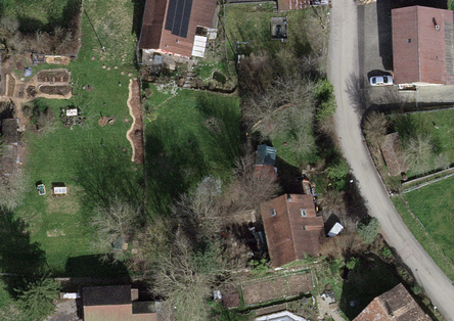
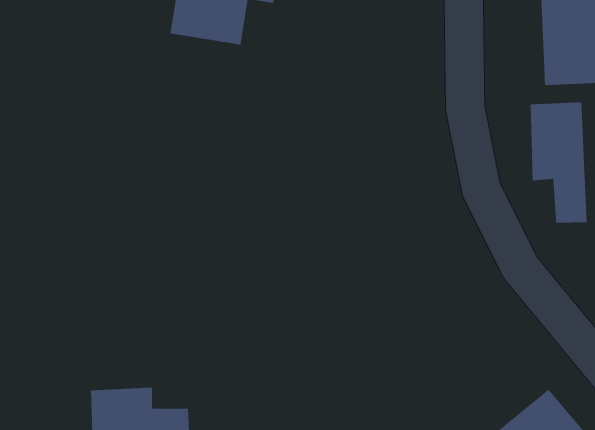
building: none -> [530,102,587,224]
building: [260,193,326,265] -> none

